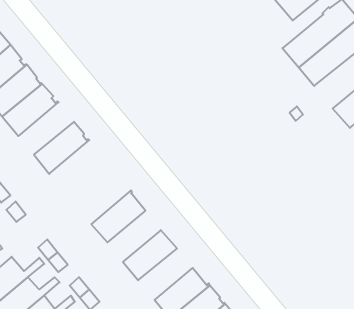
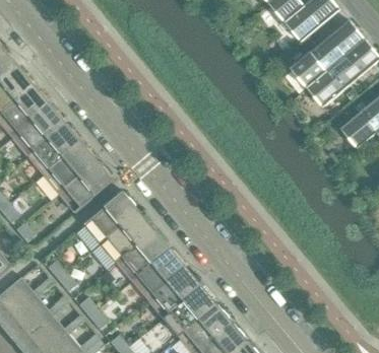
building: none -> [27,122,82,173]
building: none -> [58,159,114,212]
building: none -> [83,190,139,242]
building: none -> [116,229,169,280]
building: none -> [146,267,200,317]

